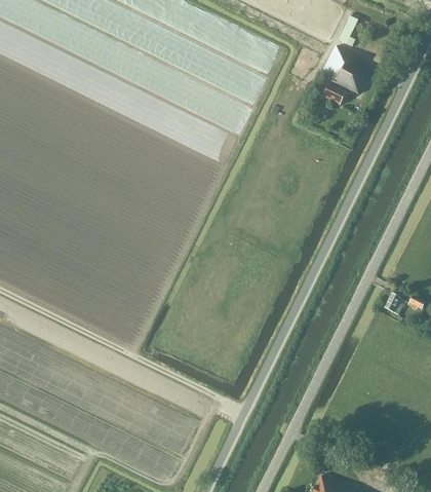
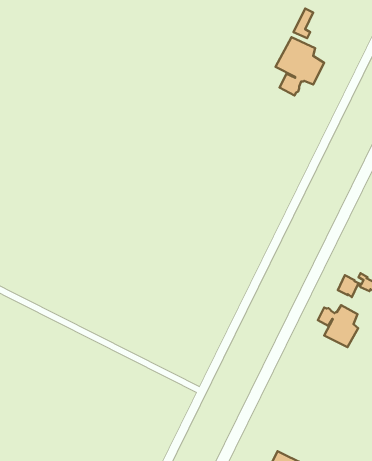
building: none -> [318,305,358,347]

